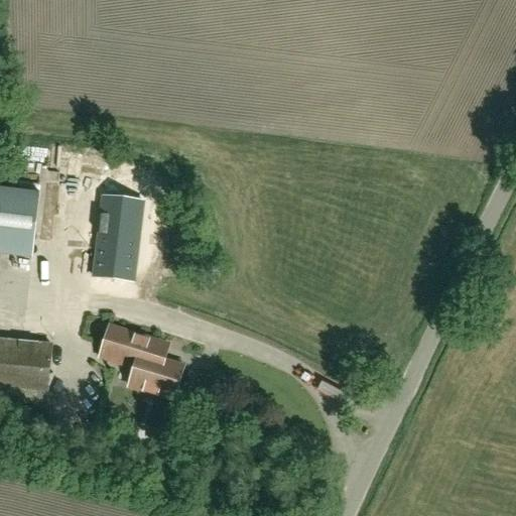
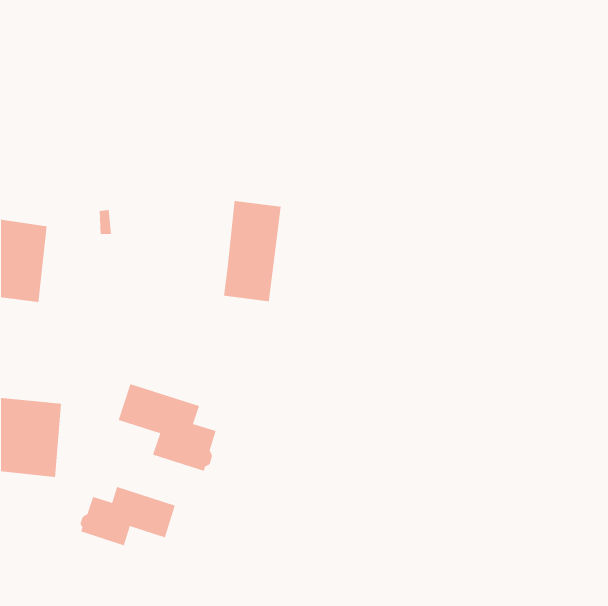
building: [91,194,140,279] -> [223,201,282,302]
building: none -> [80,486,176,546]

